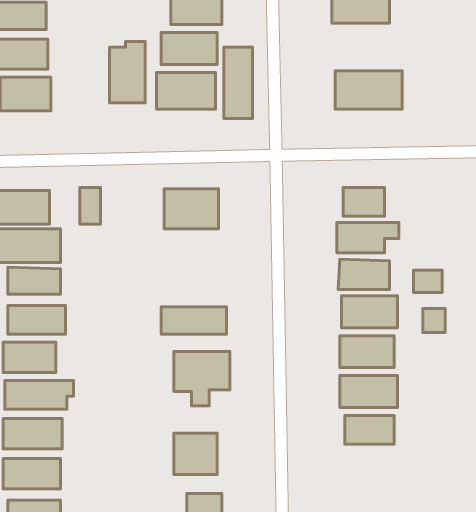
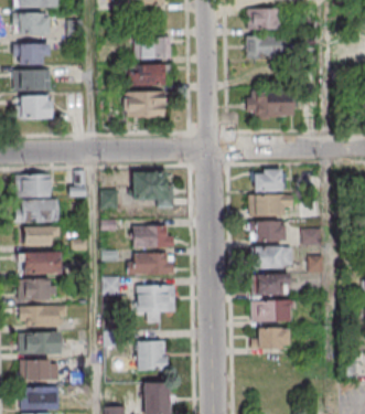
building: [110,41,145,103] -> none
building: [224,47,252,118] -> none
building: none -> [133,225,172,246]

